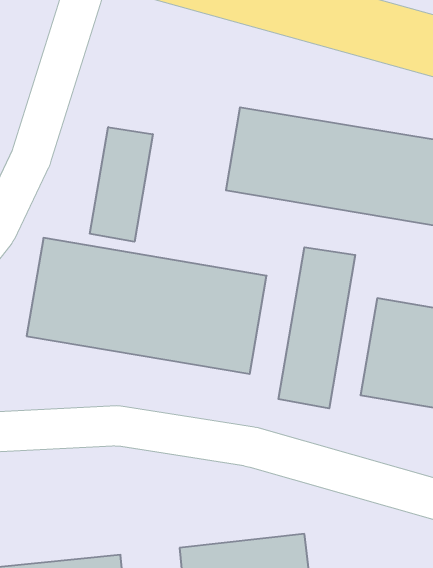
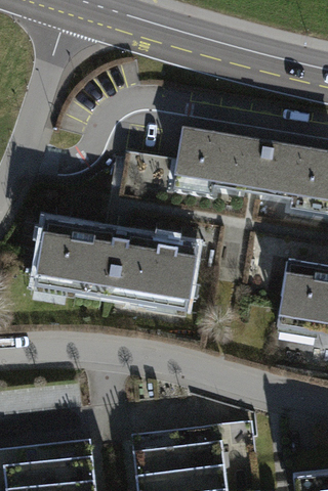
building: [90,127,153,242] -> none
building: [278,247,355,408] -> none

